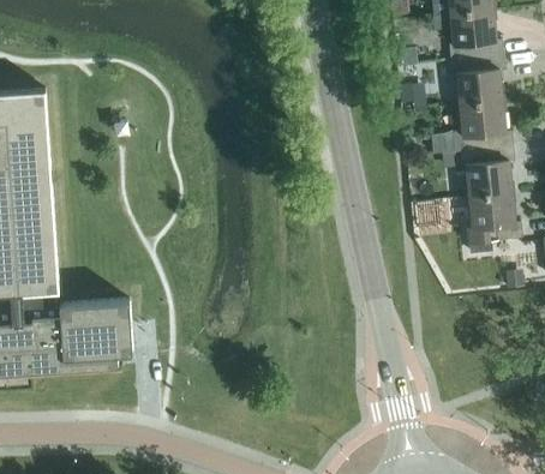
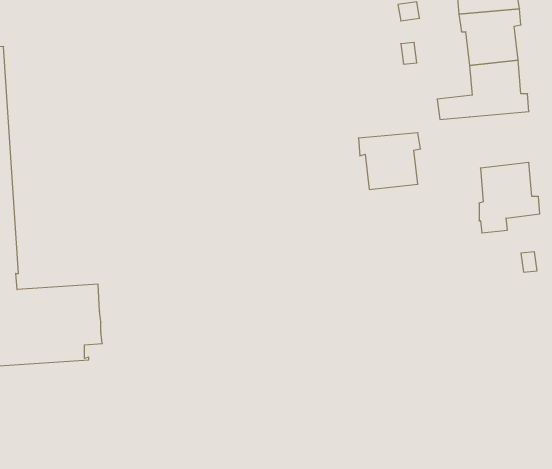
building: [459,146,514,197] -> [358,133,421,189]

